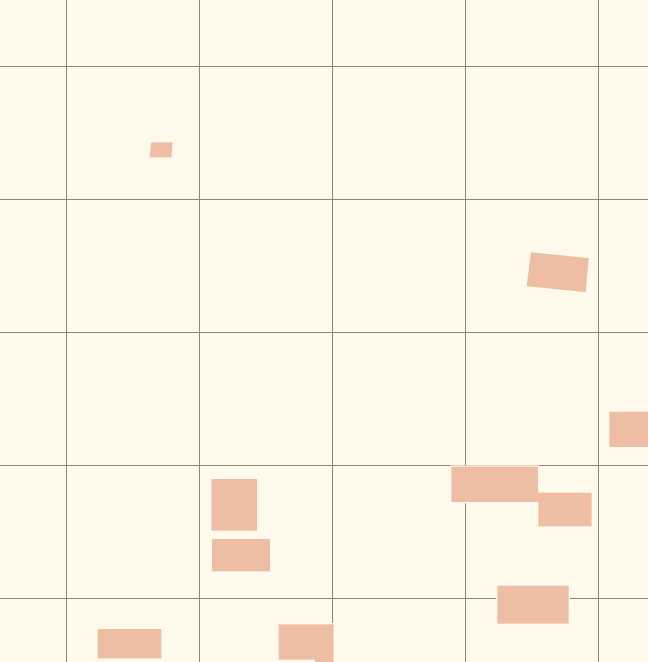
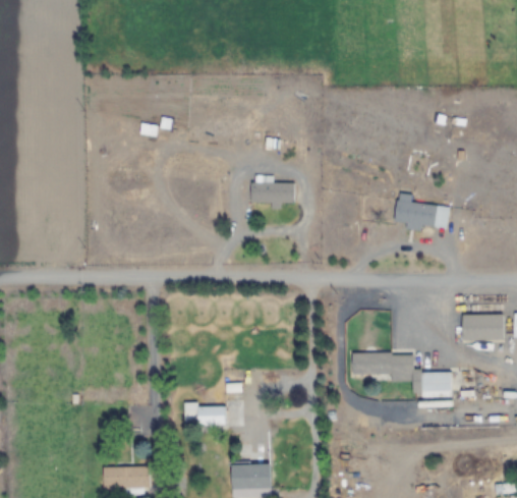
building: none -> [252,180,295,204]
building: [211,478,257,532] -> none
building: [497,585,569,624] -> none

